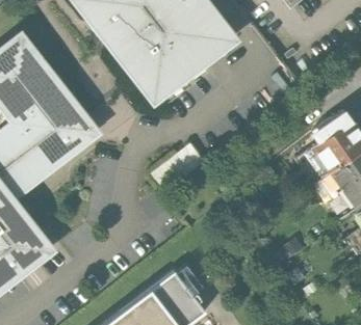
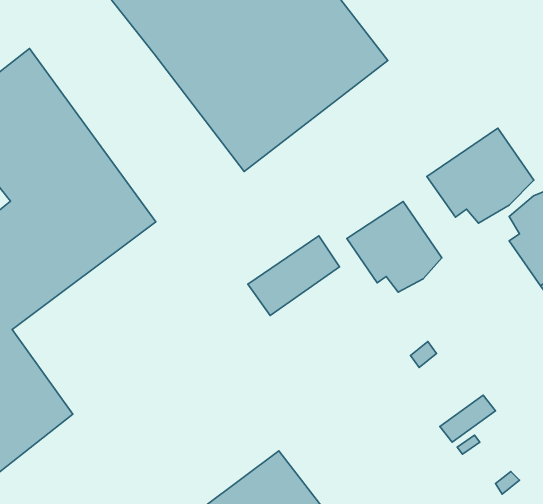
building: none -> [427,128,534,223]
building: none -> [347,201,442,292]

